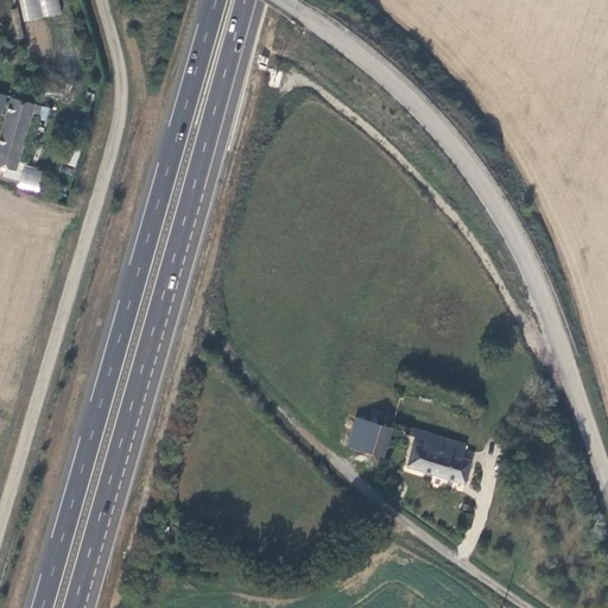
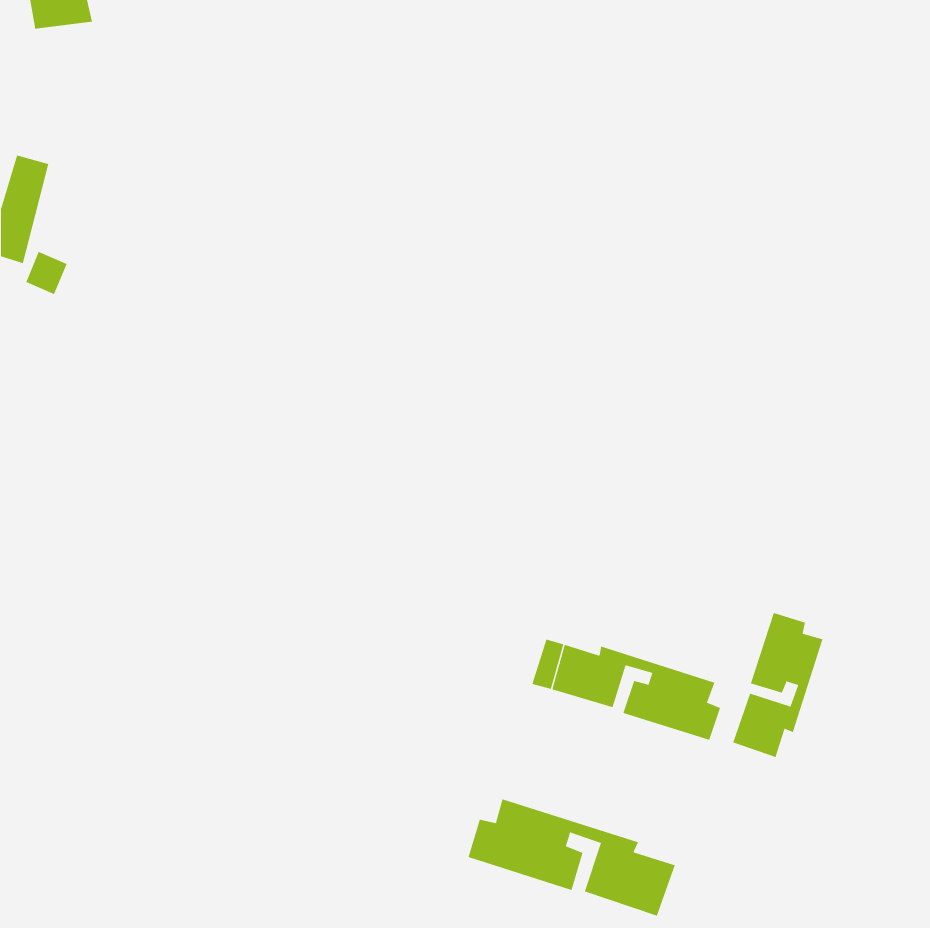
building: none -> [733,612,823,758]
building: none -> [468,799,675,917]

